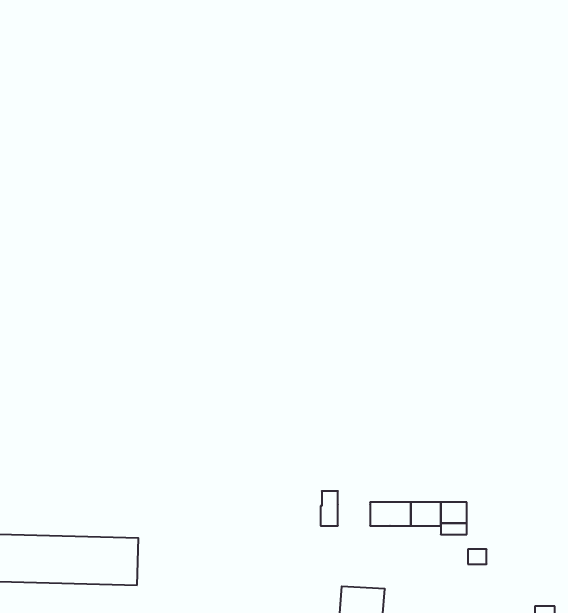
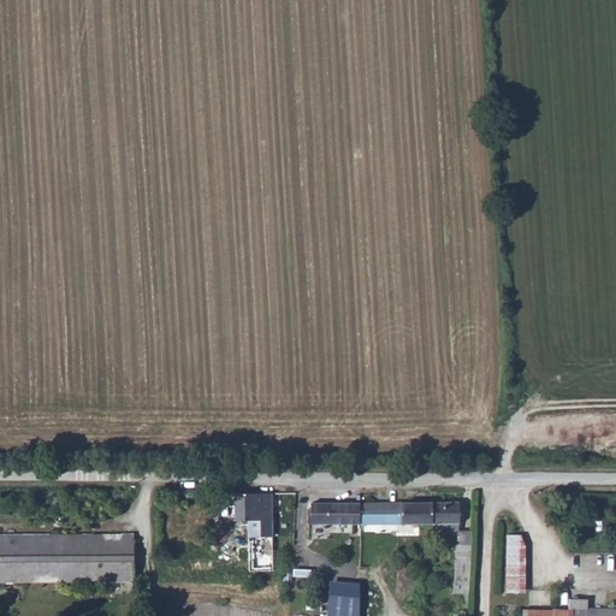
building: none -> [233,490,273,568]
building: none -> [328,504,360,533]
building: none -> [504,531,526,591]

